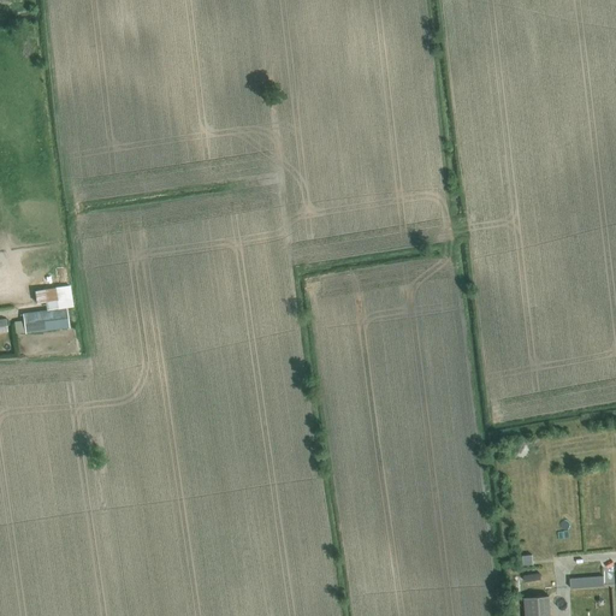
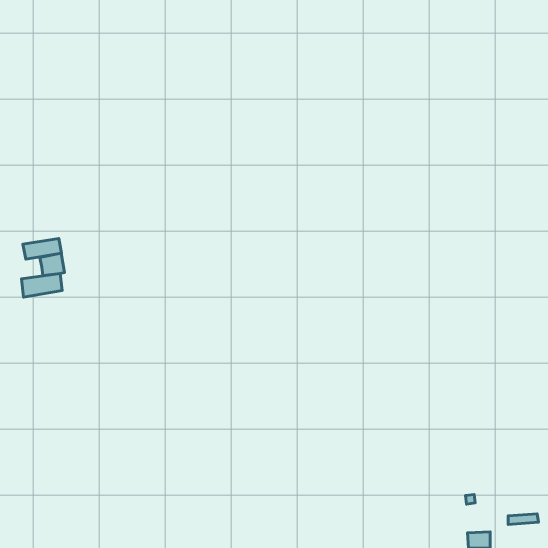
building: none -> [23,239,62,259]

